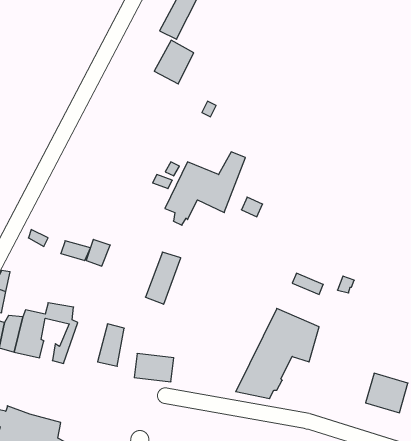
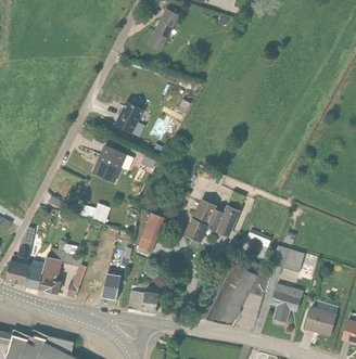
building: [154,40,194,84] -> [111,100,141,133]
building: [165,152,245,225] -> [181,191,243,247]
building: none -> [91,143,131,182]
building: none -> [271,244,304,272]
building: none -> [268,282,303,322]

